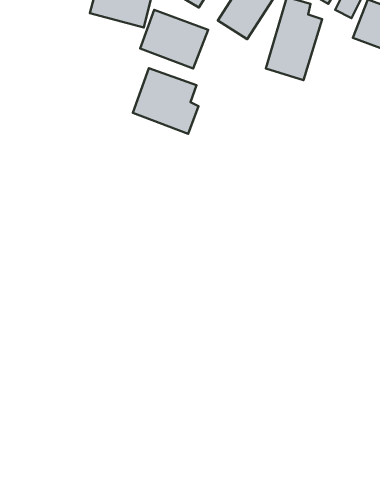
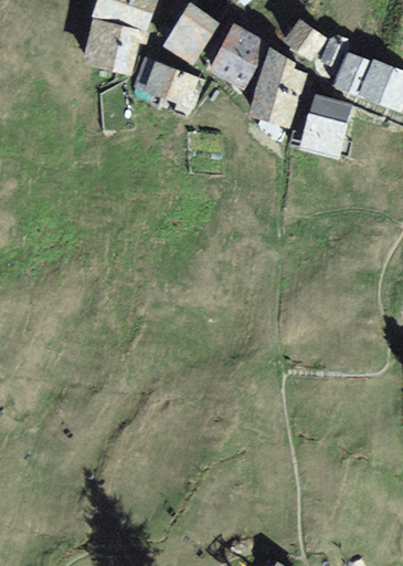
building: none -> [305,93,350,155]
building: [133,68,198,134] -> none

